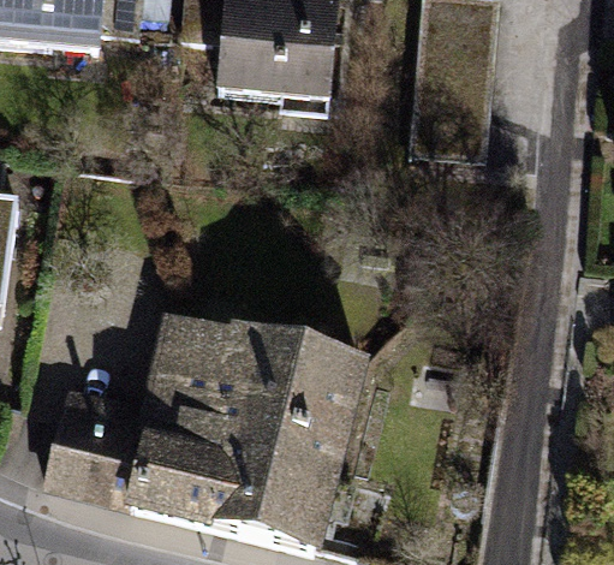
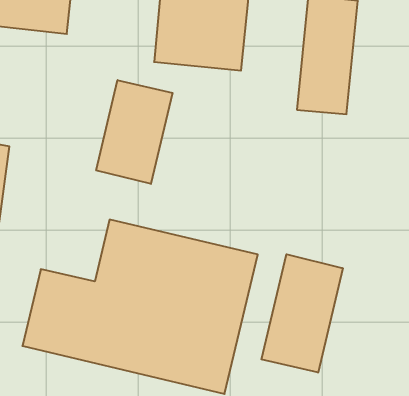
building: none -> [96,80,173,184]
building: none -> [261,254,343,373]

